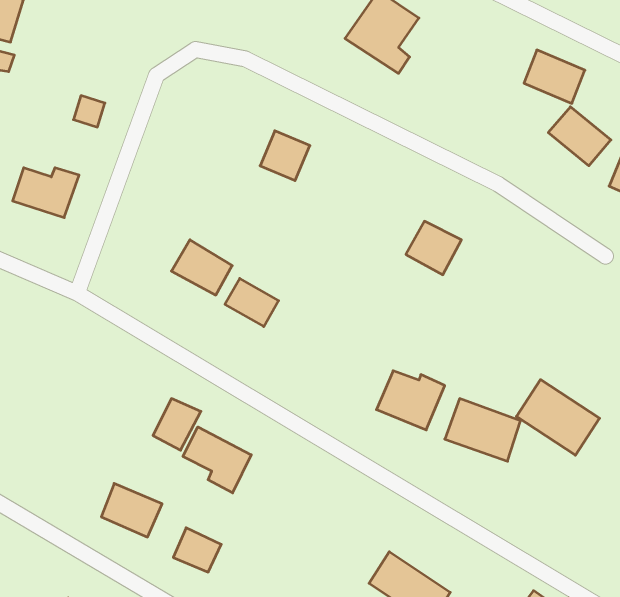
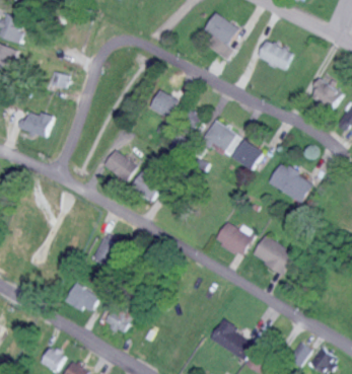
building: [524,50,585,103] -> [260,41,293,70]
building: none -> [204,121,240,154]
building: [516,380,600,455] -> [269,162,314,204]
building: [183,427,251,493] -> none

